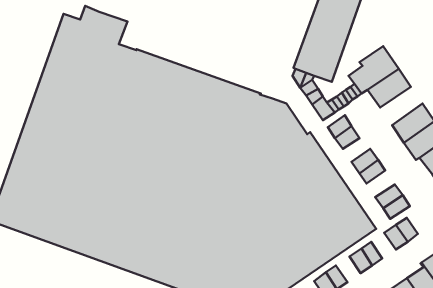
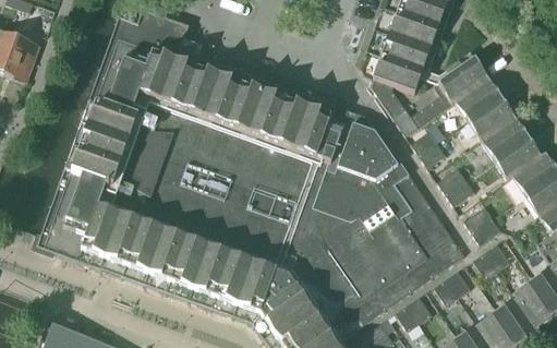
building: none -> [469,98,516,141]

